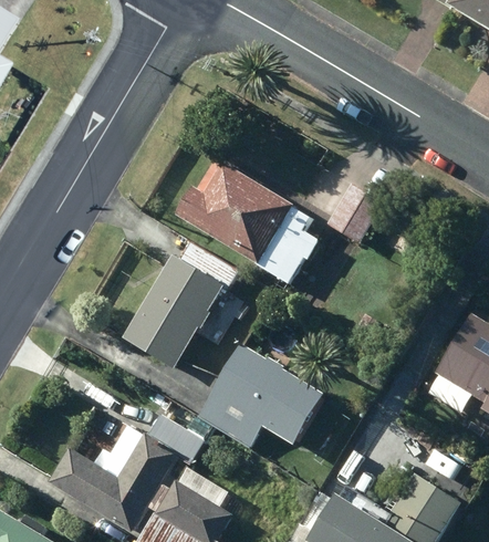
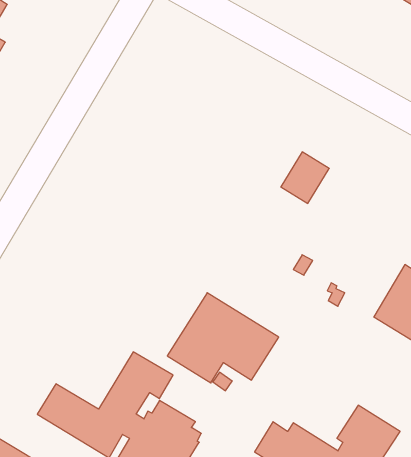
building: [178,160,319,299] -> none
building: [123,241,237,369] -> none

